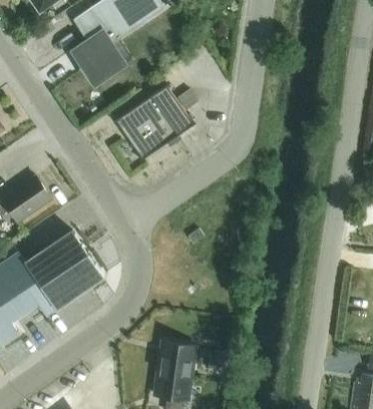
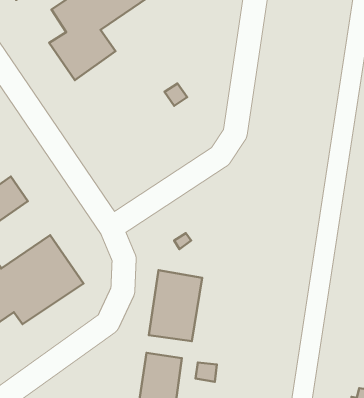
building: [113,84,196,162] -> none
building: none -> [149,270,202,341]

